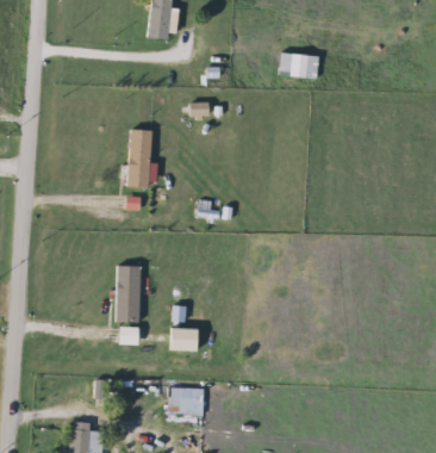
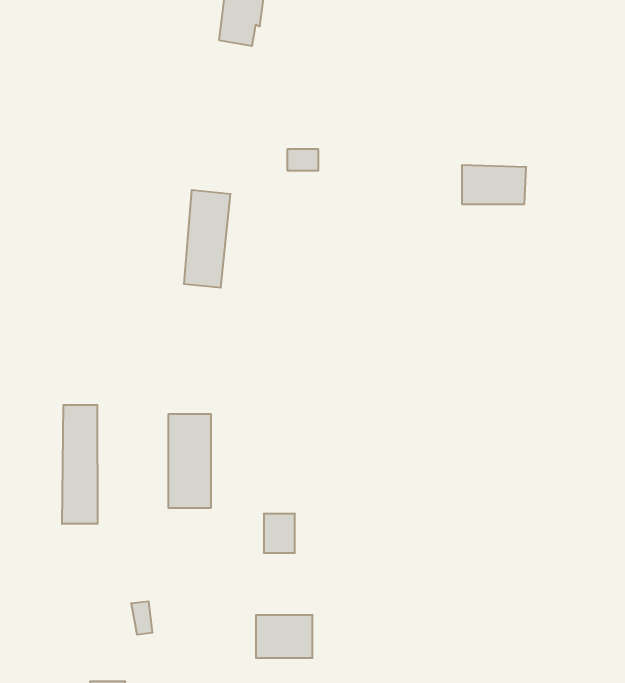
building: [280,52,319,76] -> [462,165,526,204]
building: none -> [62,405,97,524]

